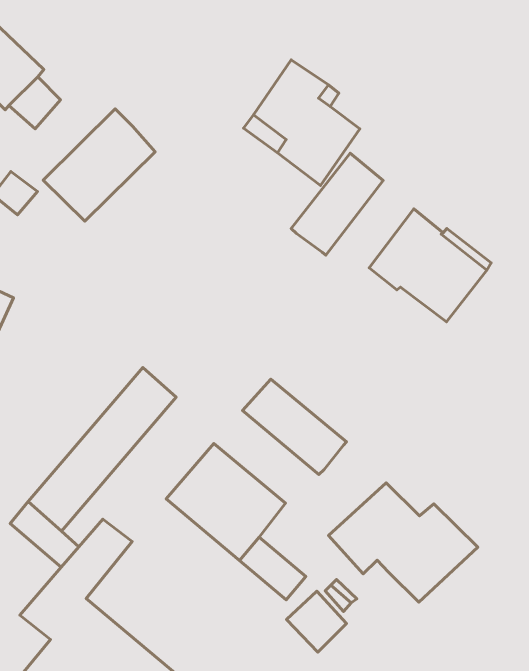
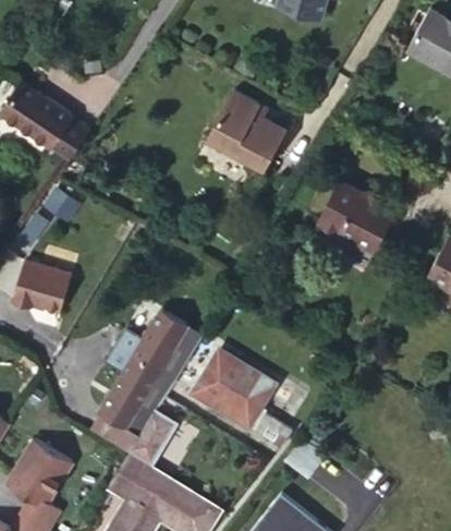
building: [43,109,155,221] -> none
building: [291,153,383,255] -> none
building: [243,379,346,475] -> none
building: [329,483,478,602] -> none

